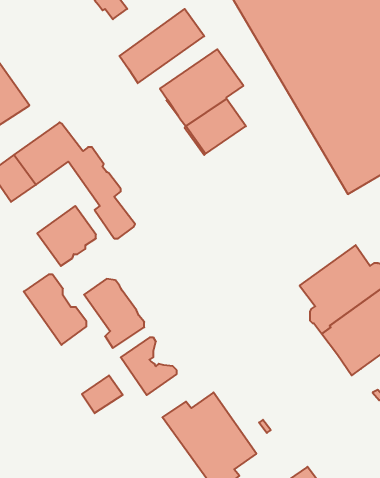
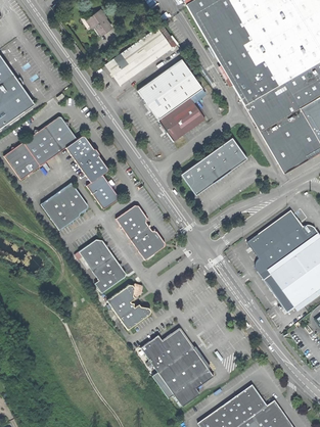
building: none -> [180,138,246,195]
building: [24,274,86,345] -> [115,205,164,260]
building: [82,375,123,413] -> none

